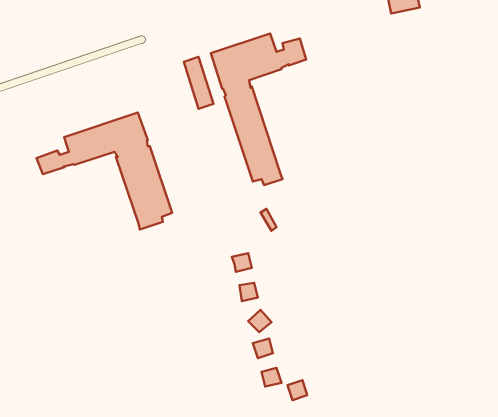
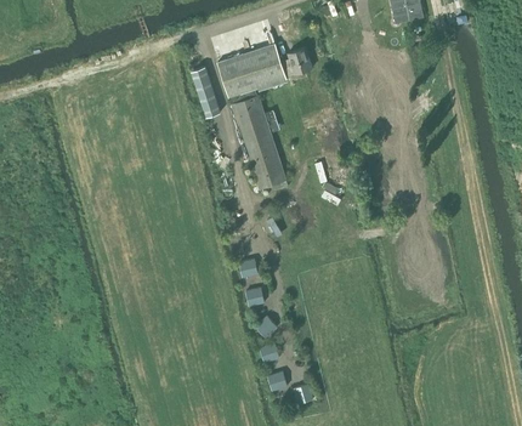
building: [36,113,172,230] -> none

